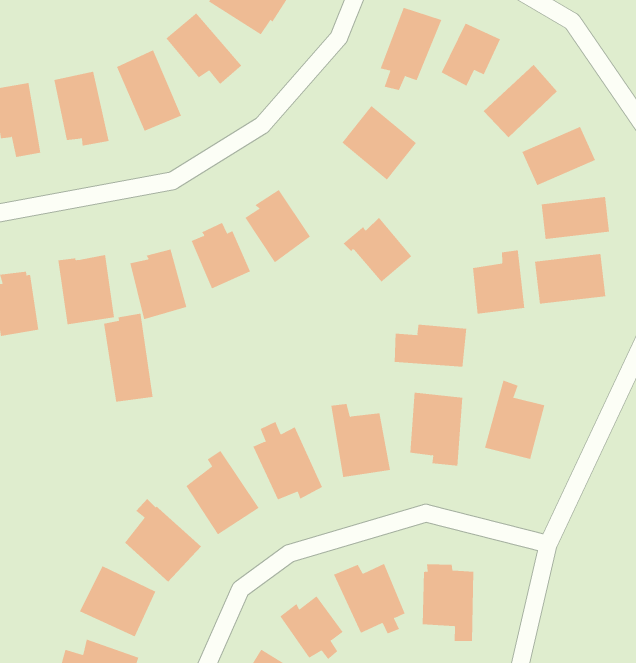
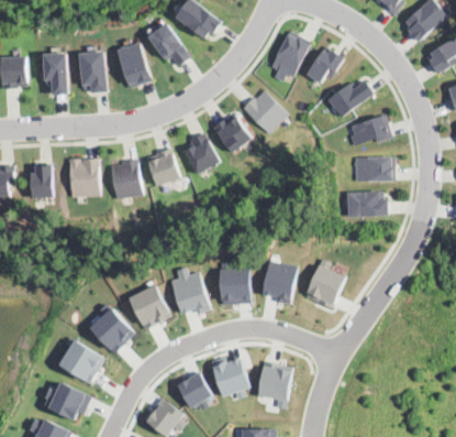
building: [343,217,412,282] -> [211,113,251,152]
building: [472,249,525,315] -> none
building: [103,313,153,403] -> none
building: [394,324,467,368] -> none

